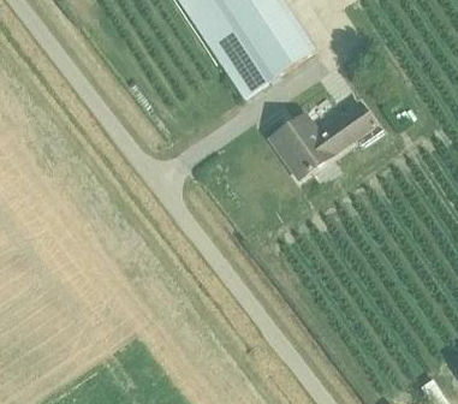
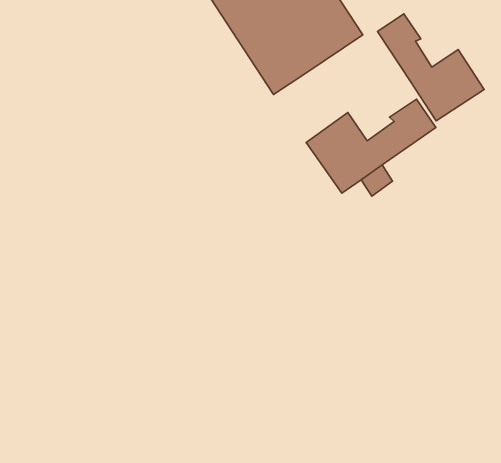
building: none -> [378,14,484,121]

